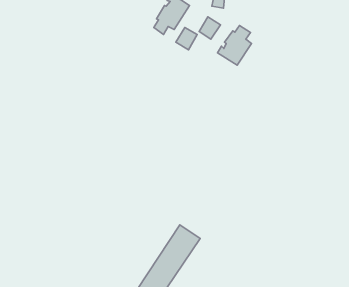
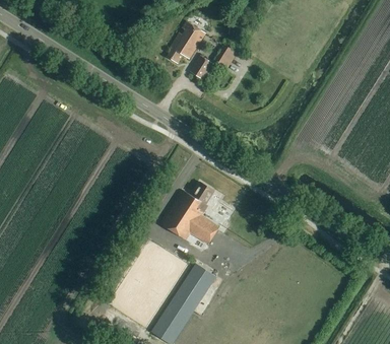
building: [218,25,252,65] -> none
building: none -> [162,182,219,244]

